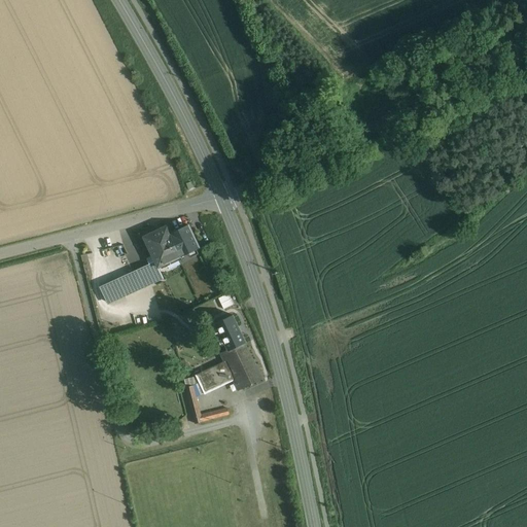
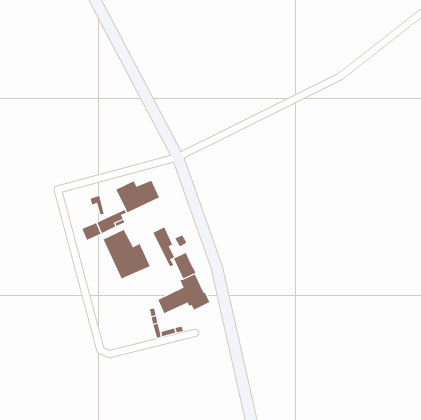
building: none -> [153,226,175,268]
building: none -> [103,229,151,280]

